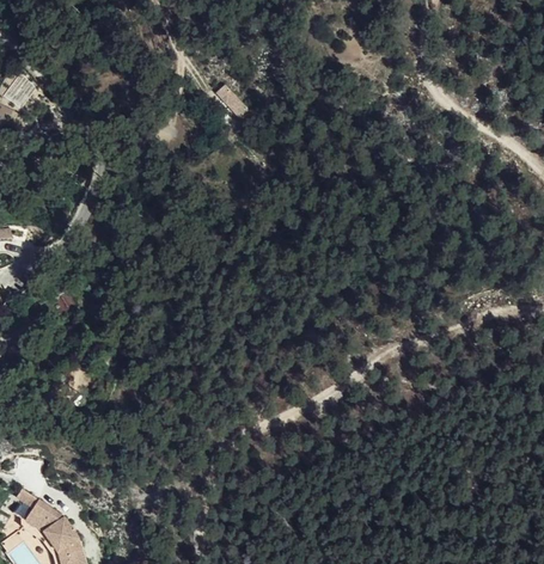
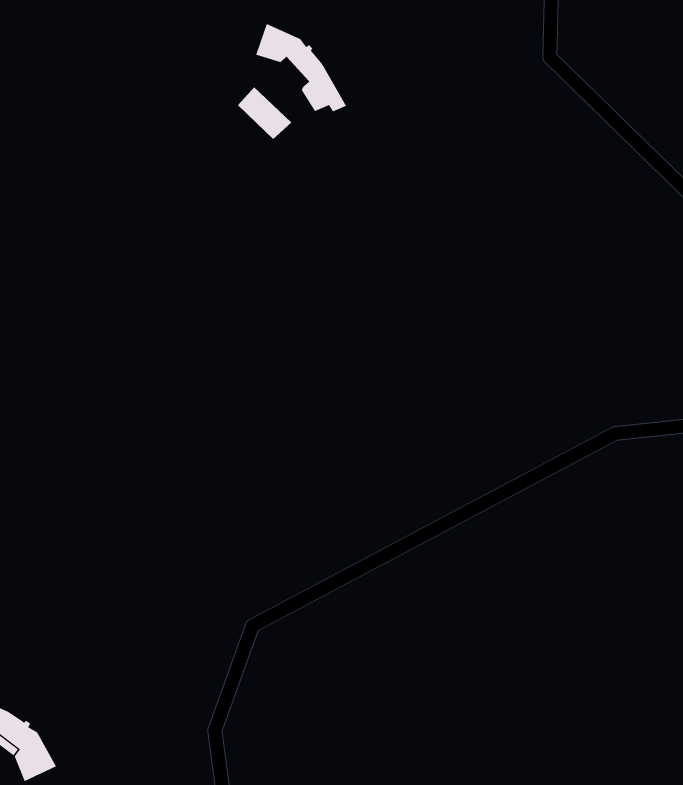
building: none -> [255,23,347,112]

